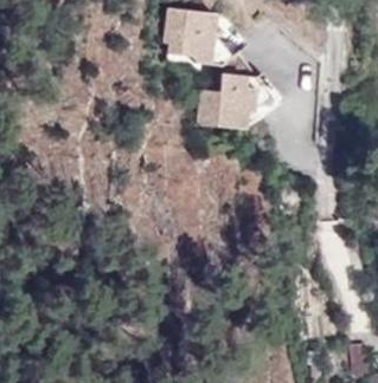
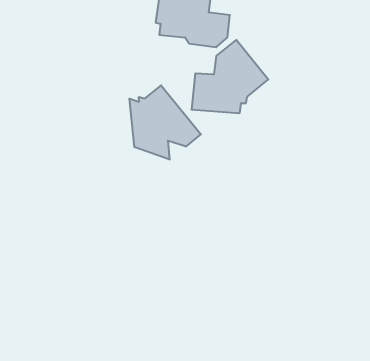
building: none -> [129,85,201,160]

